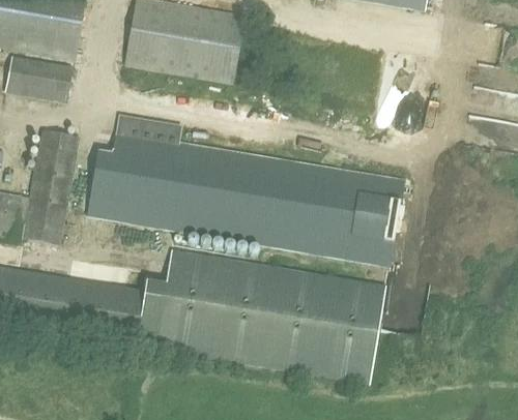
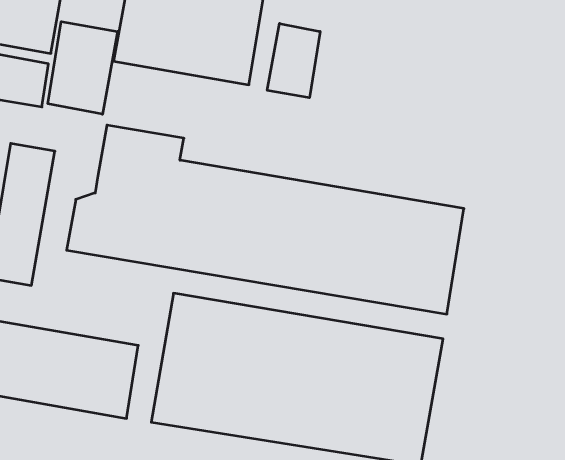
building: none -> [48,22,118,114]
building: none -> [267,23,320,98]

